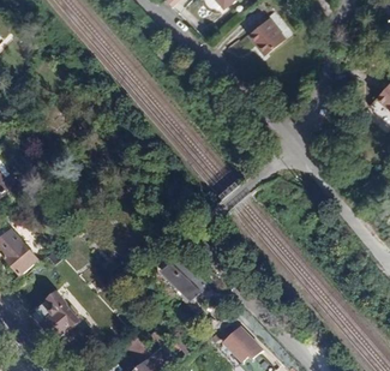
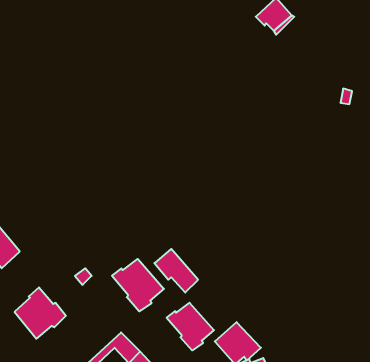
building: none -> [112,259,164,311]
building: none -> [167,303,214,350]

